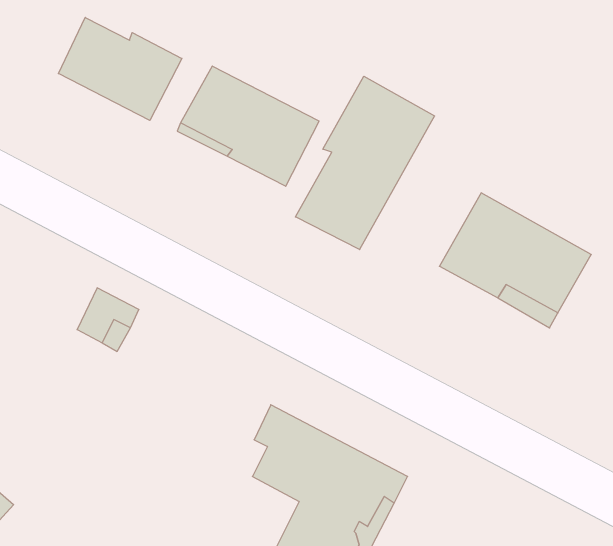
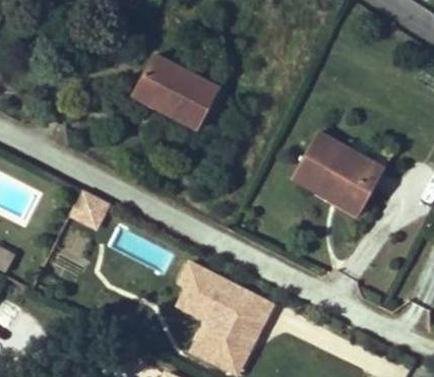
building: [58,17,182,120] -> none
building: [295,76,435,250] -> none

